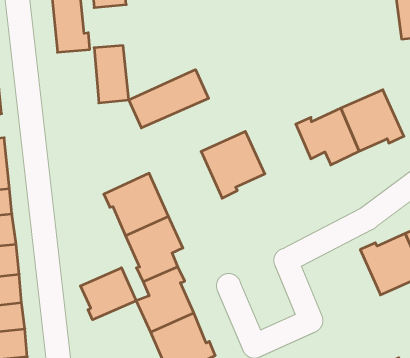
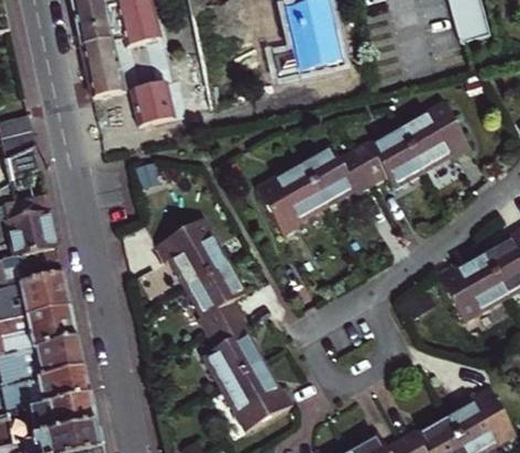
building: [129,70,209,128] -> none
building: none -> [301,144,374,205]
building: [80,268,136,320] -> none

